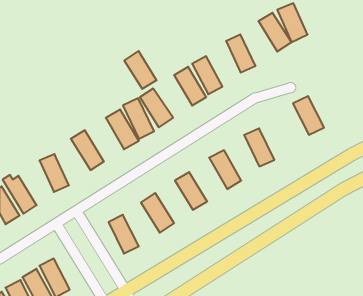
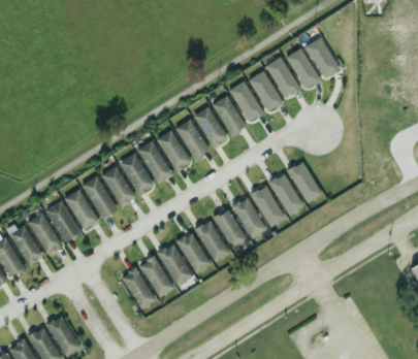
building: none -> [265,57,299,98]
building: none -> [228,80,263,123]
building: [124,51,157,89] -> [174,119,210,160]
building: [293,96,324,135] -> [287,161,321,203]
building: none -> [102,166,134,207]
building: none -> [252,186,284,227]
building: none -> [63,189,99,231]
building: none -> [213,208,248,251]
building: none -> [27,213,62,255]
building: none -> [178,232,210,273]
building: none -> [138,256,174,298]

